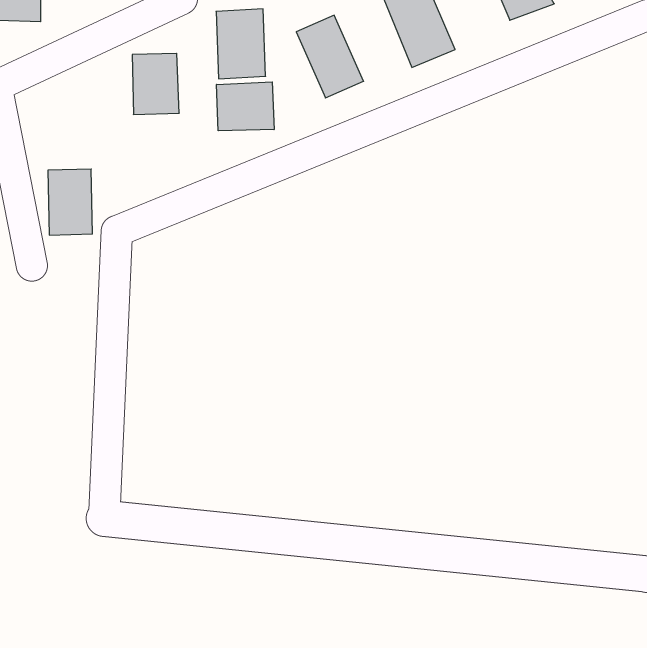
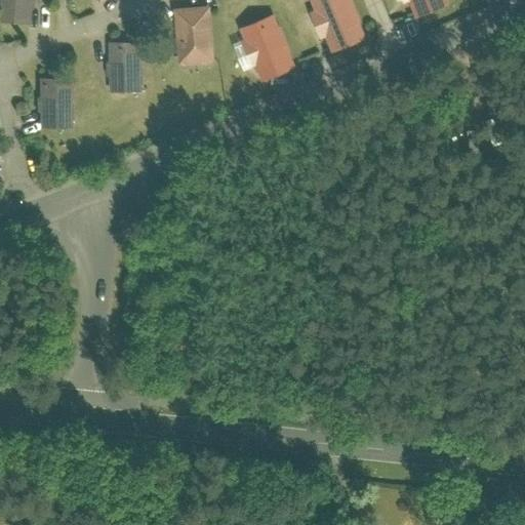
building: [217,82,274,131] -> none
building: [48,169,92,235] -> [37,76,73,129]

